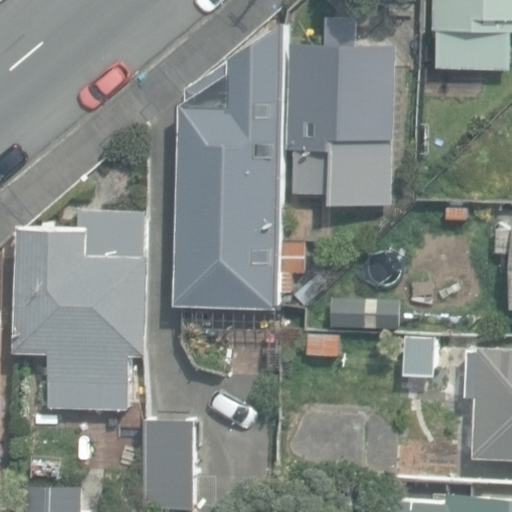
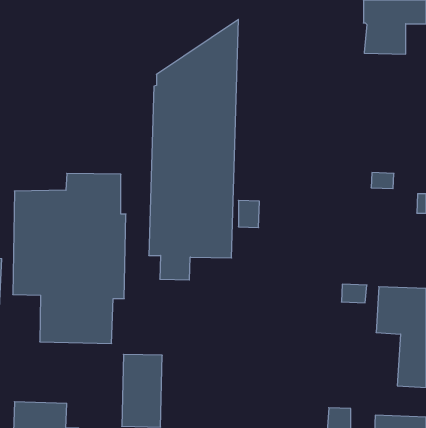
building: [287,19,395,197] -> none

